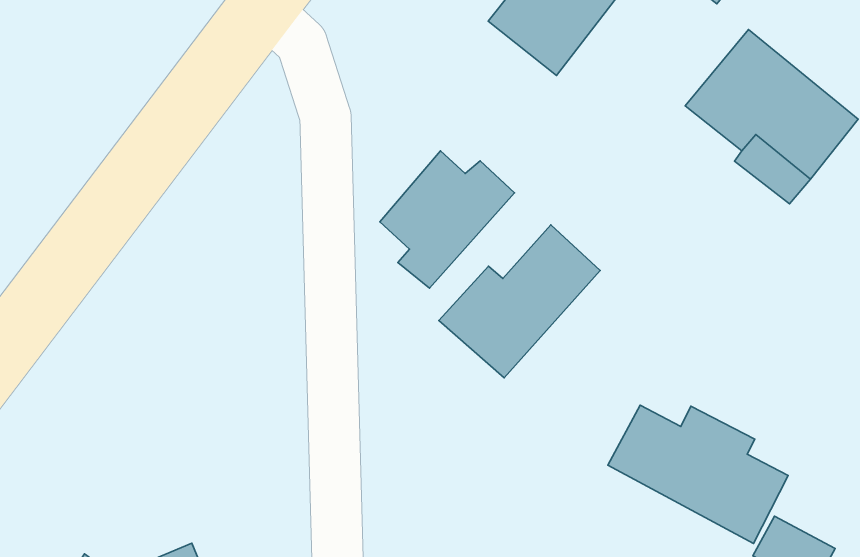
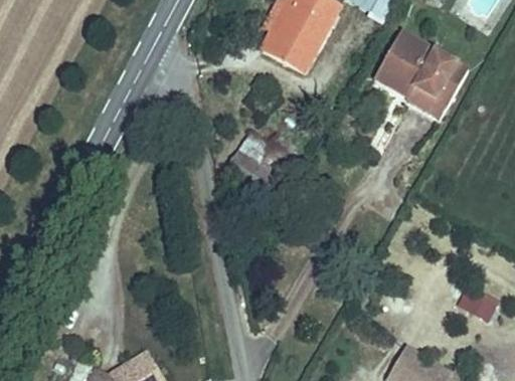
building: [439,225,600,378] -> none
building: [608,405,788,543] -> none

